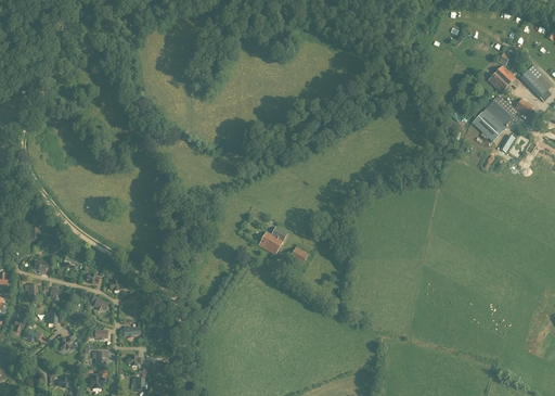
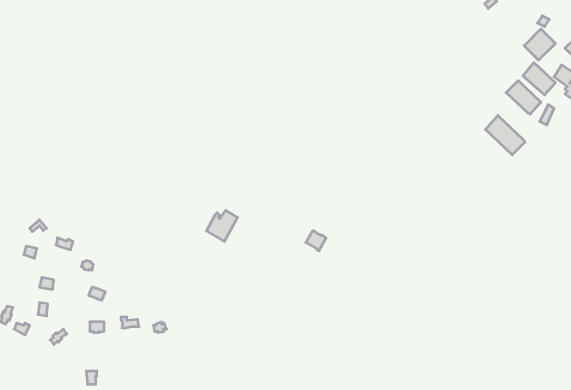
building: none -> [485,115,525,155]
building: [258,226,286,254] -> [206,210,238,241]

